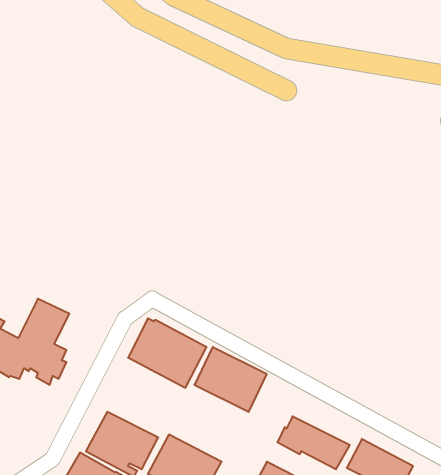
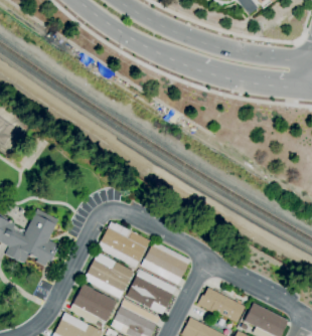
building: none -> [86,253,135,299]
building: none -> [128,270,177,315]

